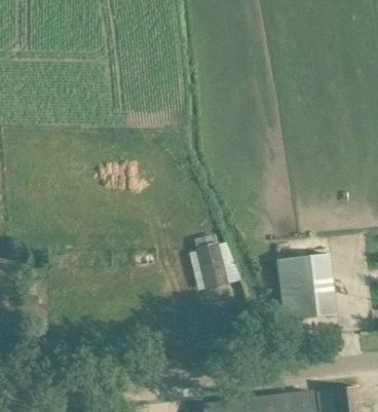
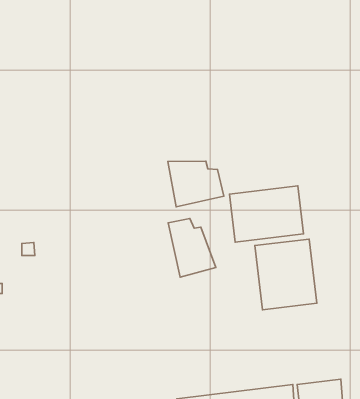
building: none -> [168,161,224,207]
building: none -> [230,186,304,242]

